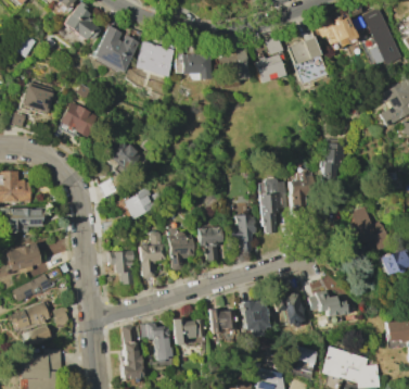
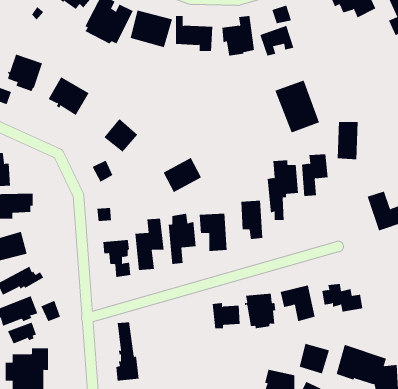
building: [287,36,329,85] -> [274,80,320,133]
building: [123,187,158,219] -> [163,157,202,193]
building: [172,316,205,344] -> none
building: [140,323,171,360] -> none

